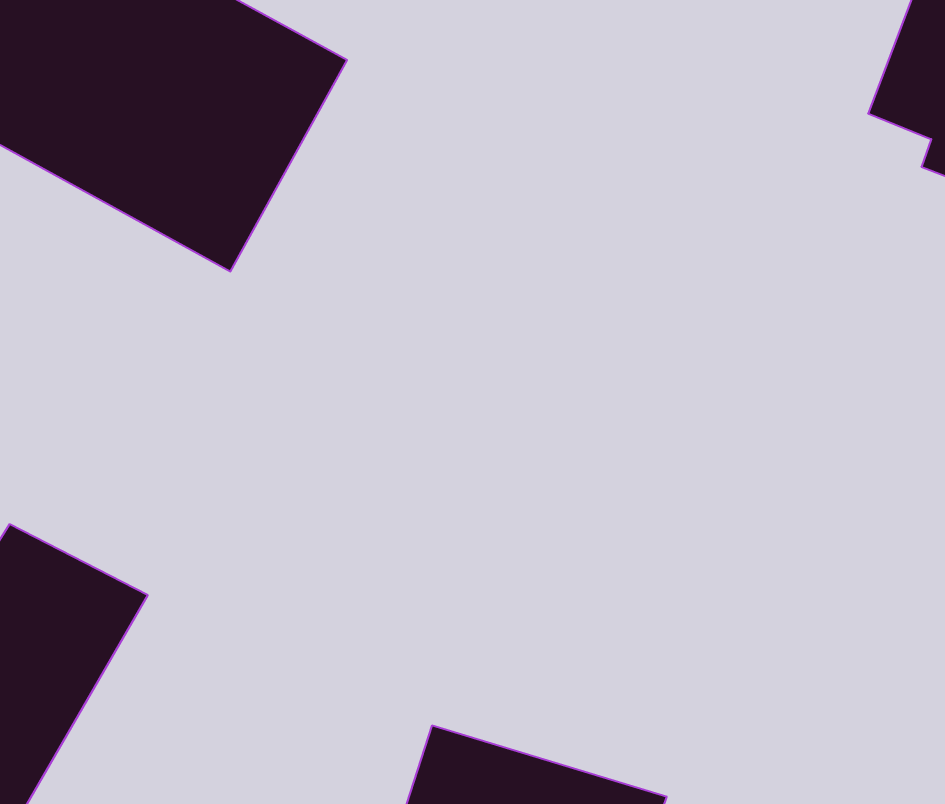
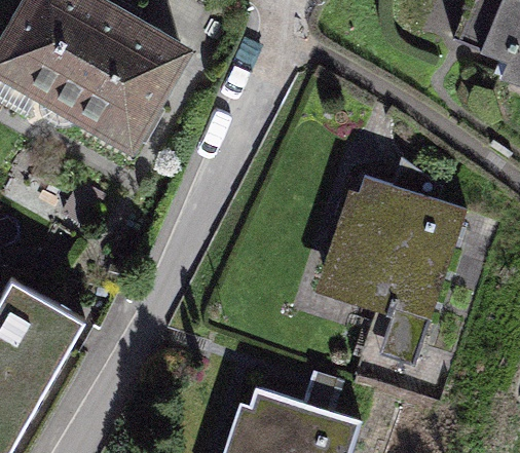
building: none -> [319,187,463,365]

